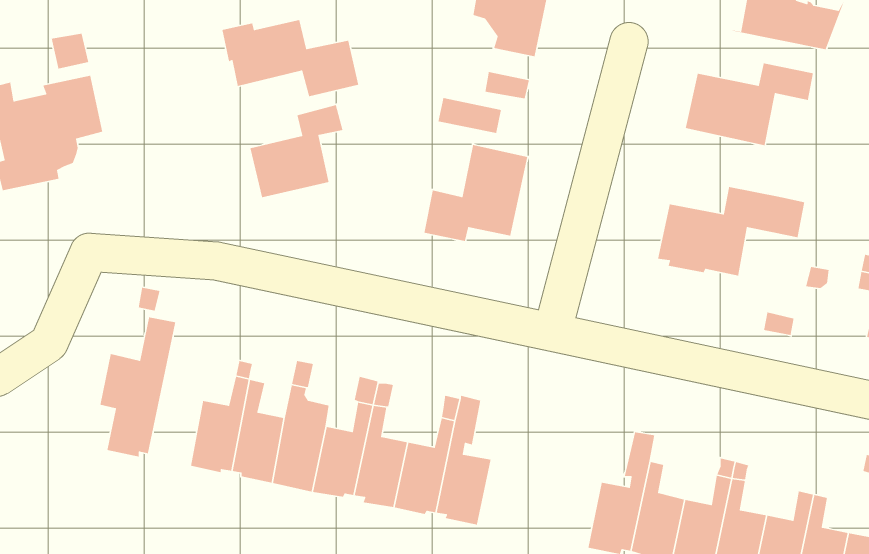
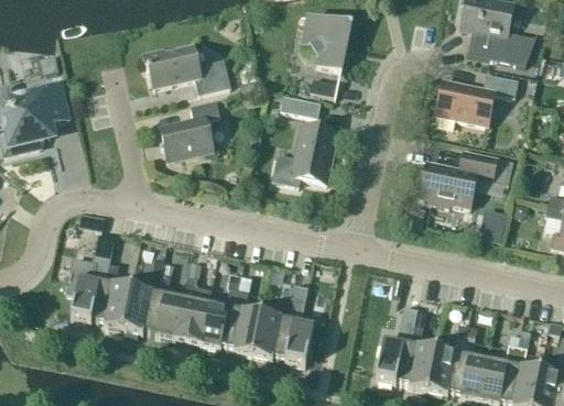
building: none -> [97,263,131,328]

